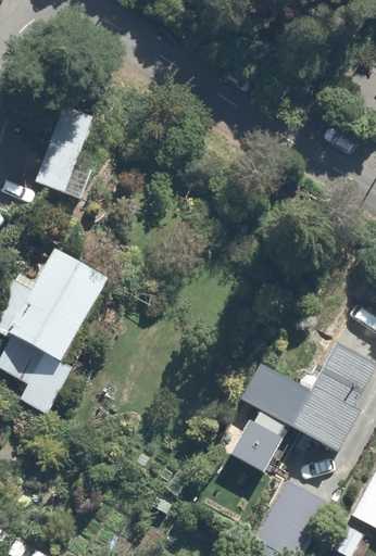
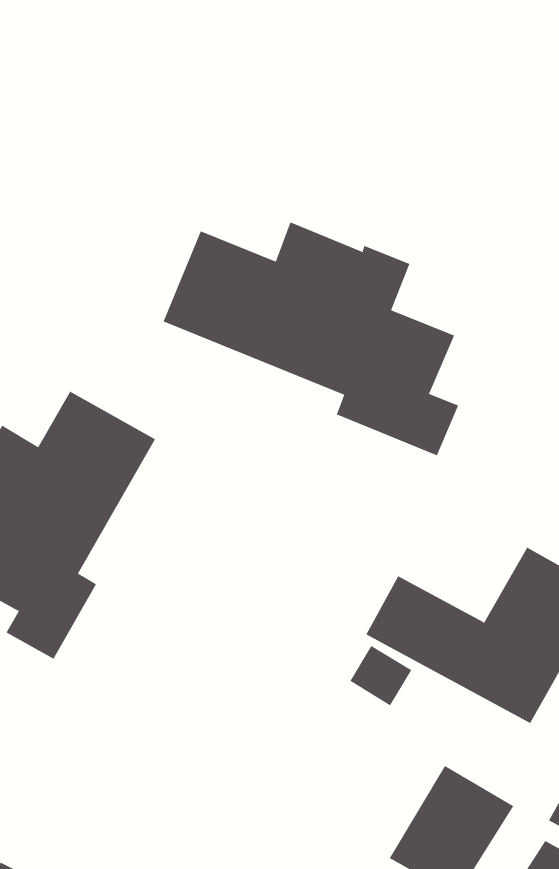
building: [36,108,95,198] -> none
building: none -> [163,222,459,456]

